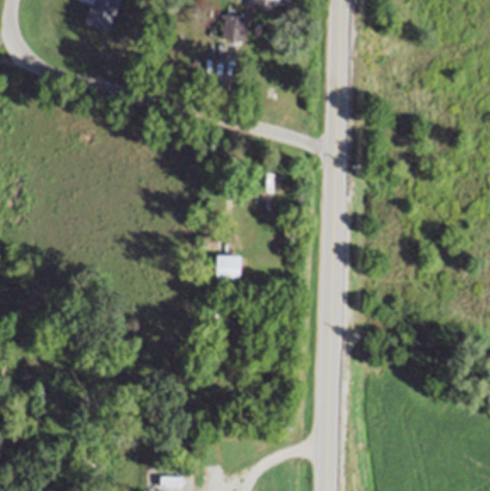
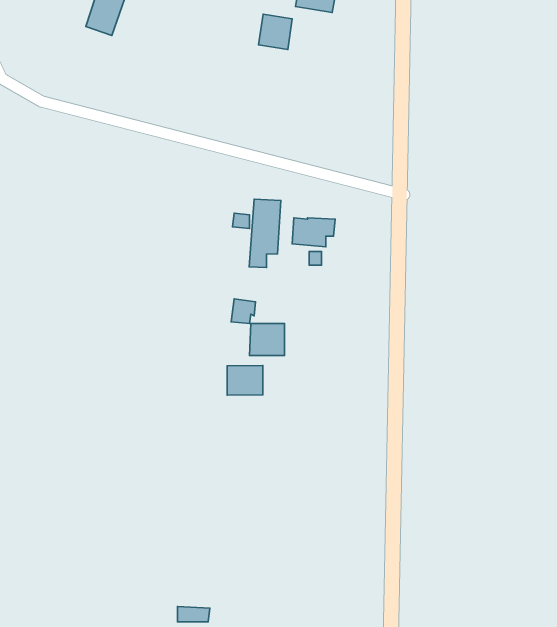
building: none -> [249,199,281,268]
building: none -> [227,365,263,395]

